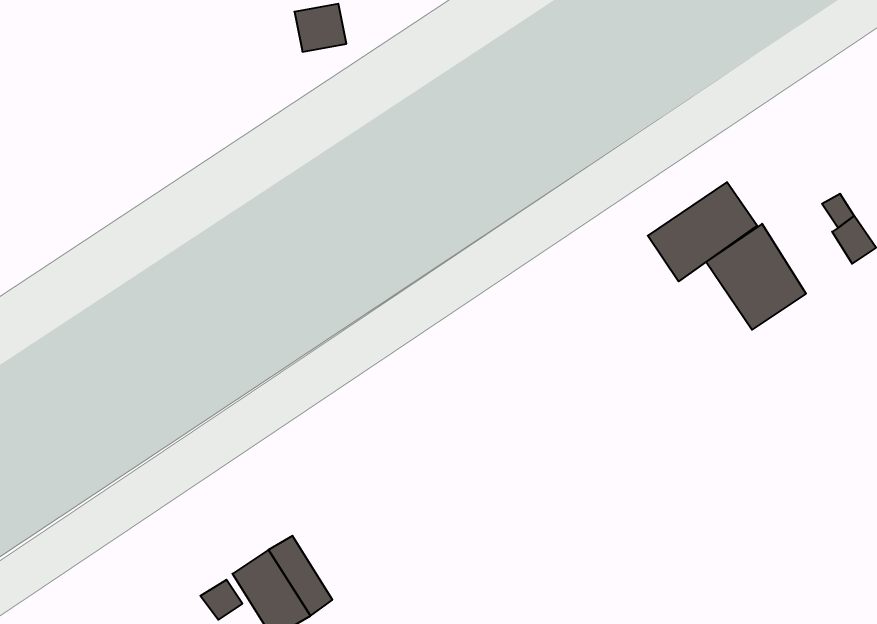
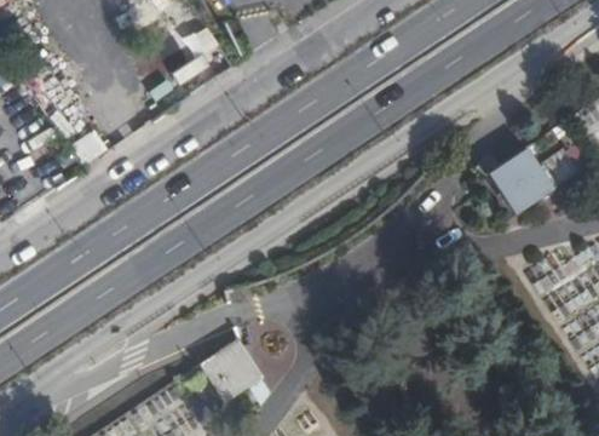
building: [648,182,757,281] -> none

